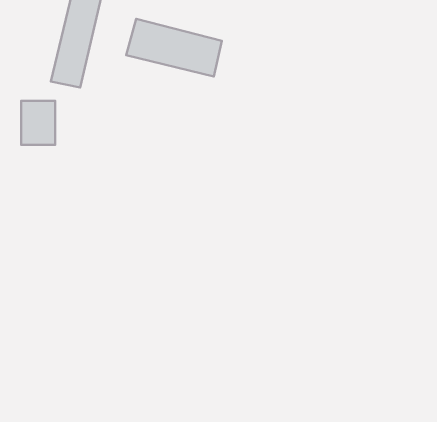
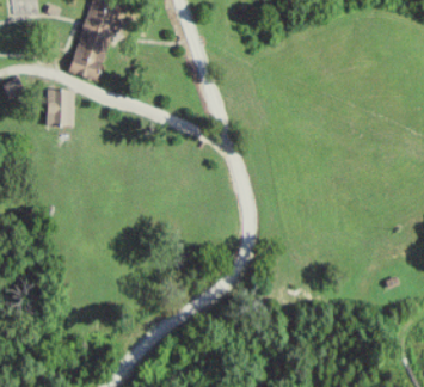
building: [126,19,222,76] -> none

